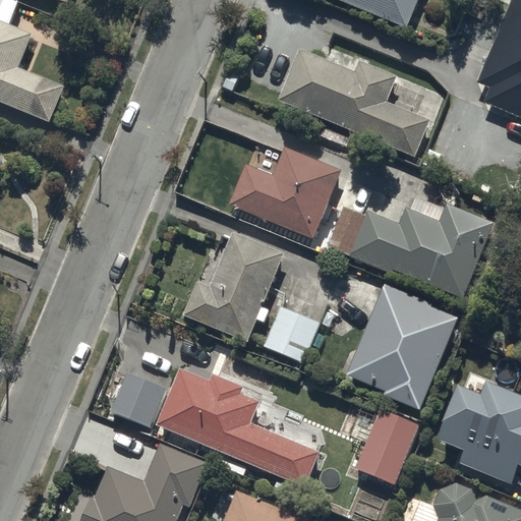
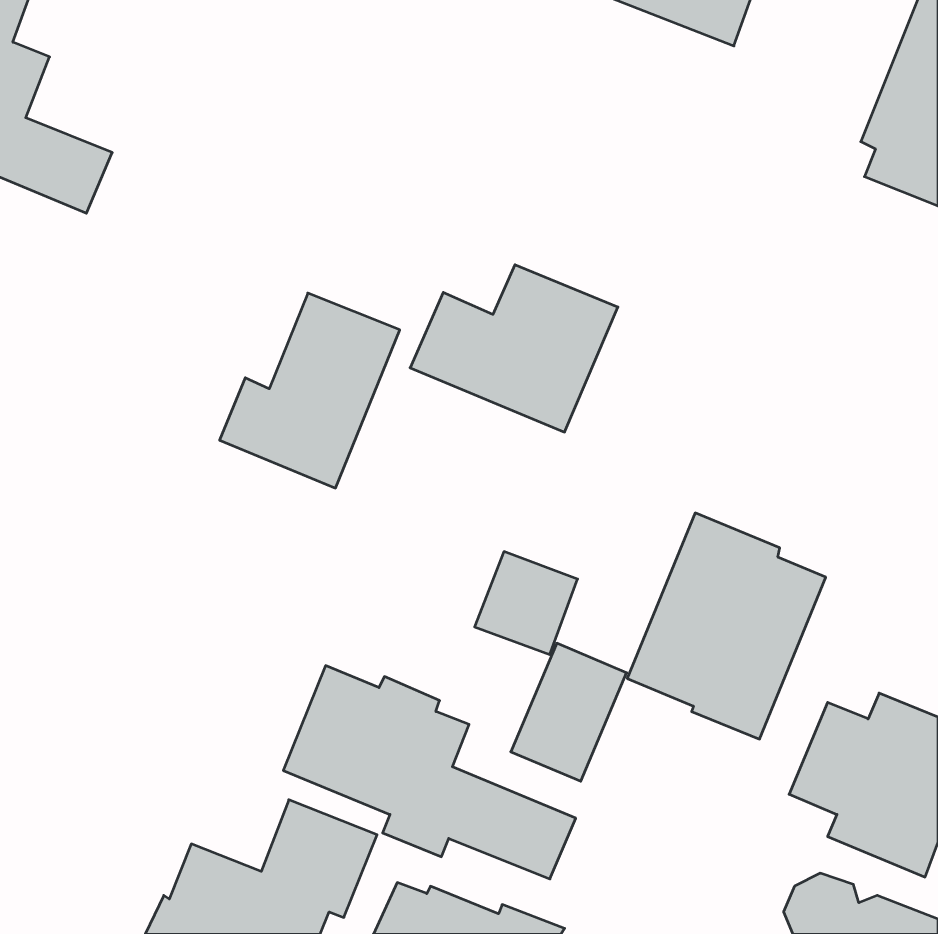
building: [275,44,429,154] -> none
building: [328,196,495,299] -> none
building: [183,233,283,341] -> [220,293,400,488]
building: [110,374,165,428] -> none
building: [354,409,418,485] -> [511,643,627,781]

